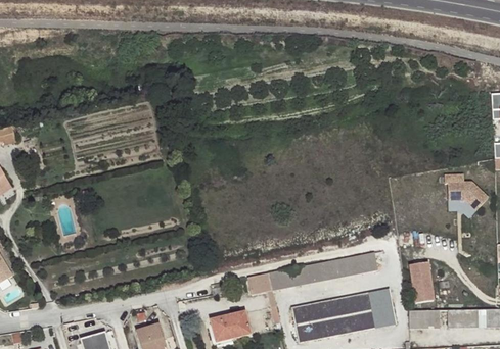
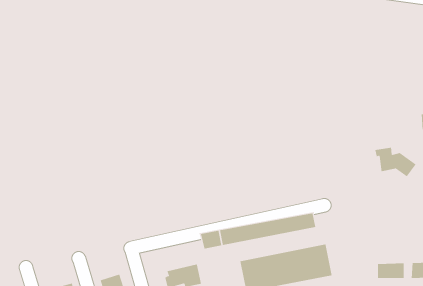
building: [410,261,435,302] -> none
building: [409,309,440,328] -> none

